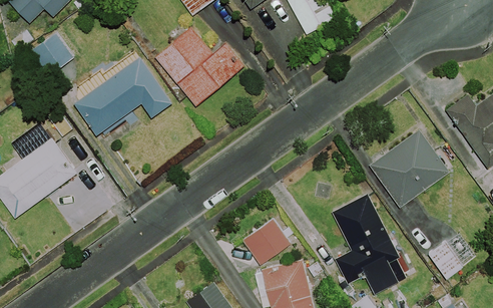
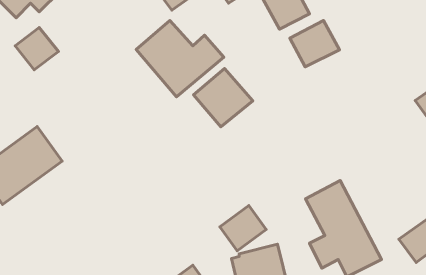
building: none -> [290,20,339,67]
building: [74,56,172,134] -> none
building: none -> [193,68,253,127]
building: [369,129,449,208] -> none

